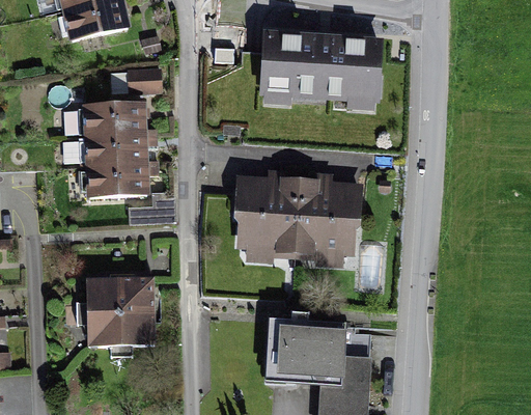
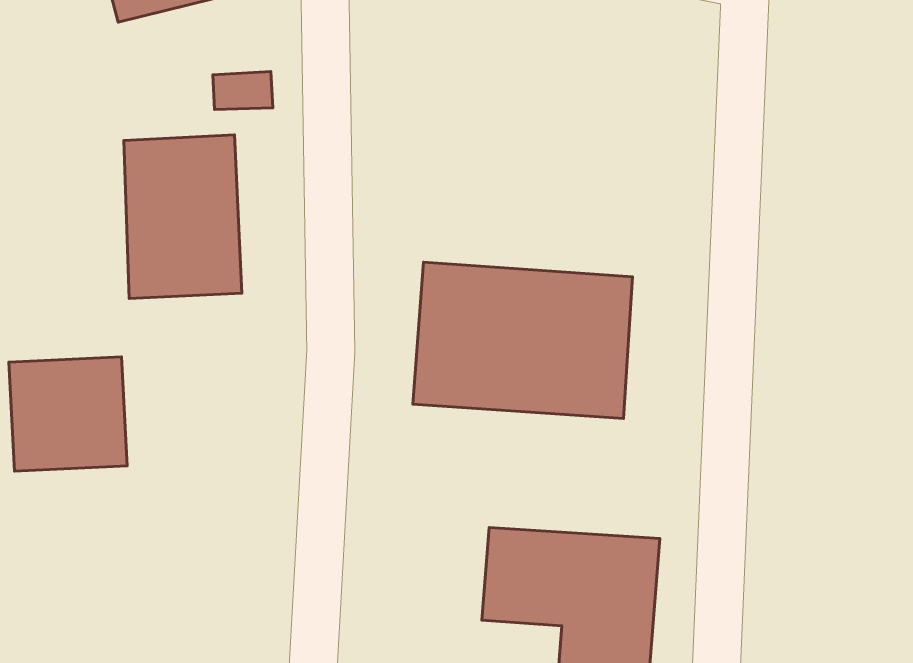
building: [266,35,387,100] -> none
building: [86,276,153,341] -> [9,357,127,471]

